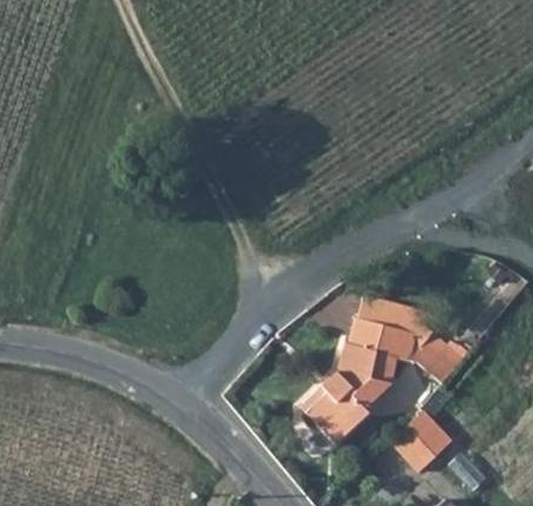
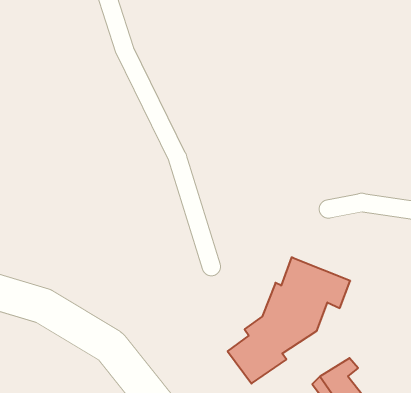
building: [363,289,465,386] -> none

